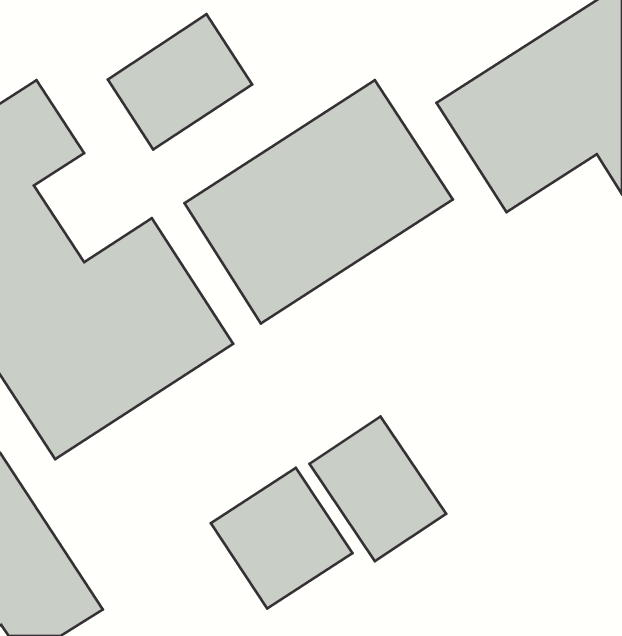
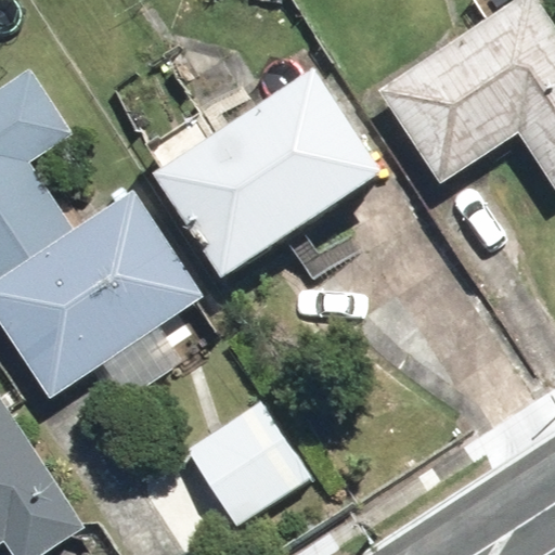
building: [108,14,252,150] -> none
building: [309,417,446,561] -> none

